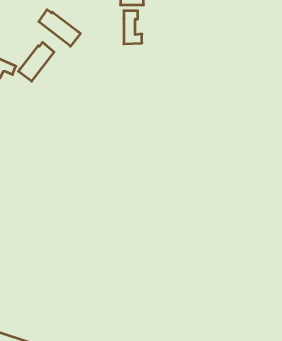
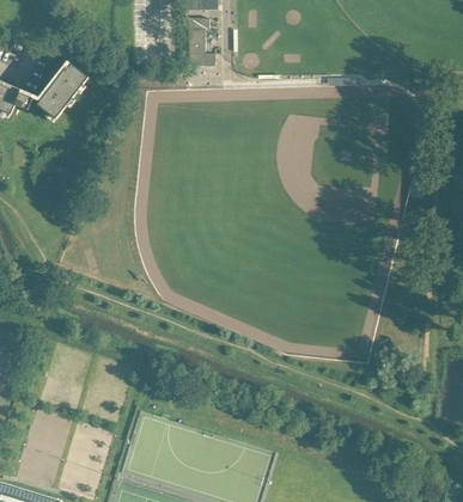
building: [39,10,80,46] -> none

